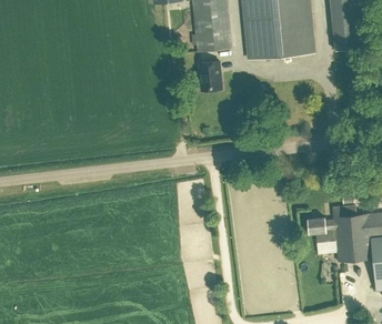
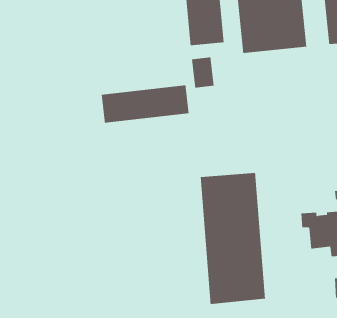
building: none -> [101,84,189,124]
building: none -> [200,172,265,305]

